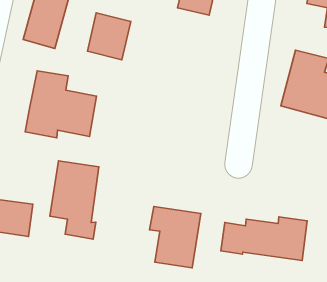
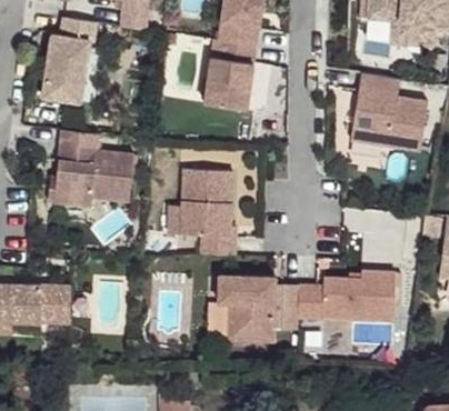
building: [88,13,131,60] -> [204,58,251,109]
building: [50,161,99,239] -> [179,168,233,254]
building: none -> [273,284,298,329]

